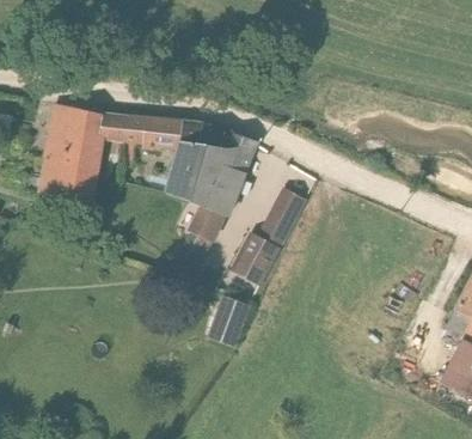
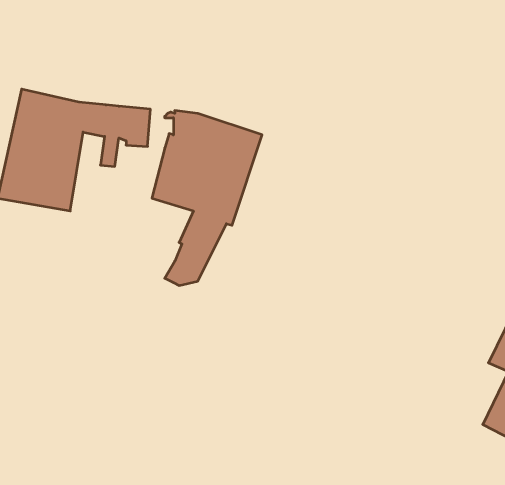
building: [231,187,307,285] -> none
building: [208,293,251,346] -> none

